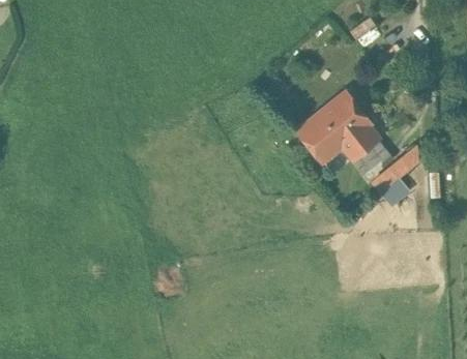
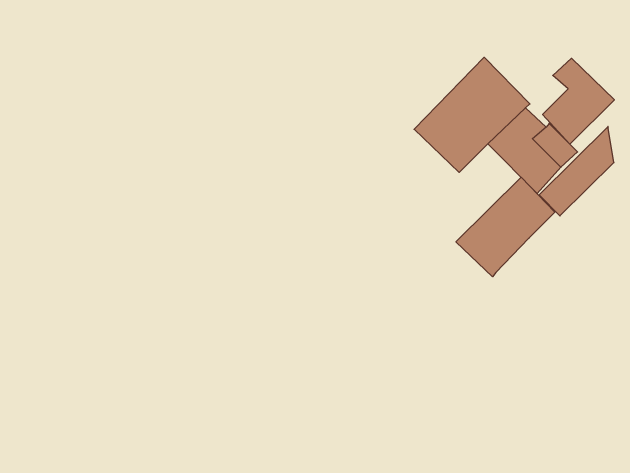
building: none -> [543,58,614,144]
building: none -> [456,177,555,277]

